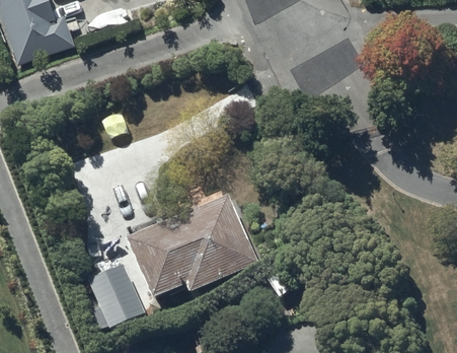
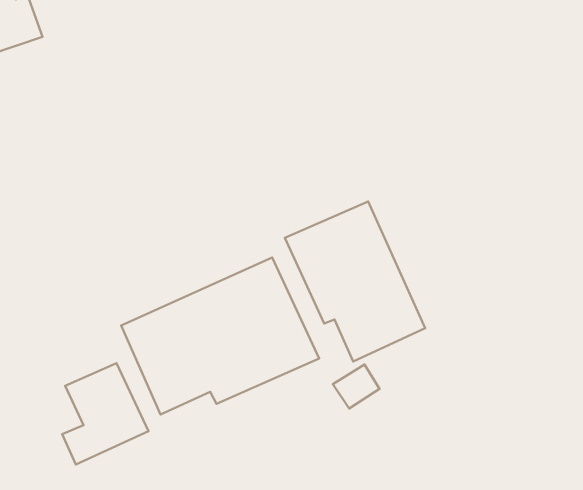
building: none -> [285,201,425,361]

